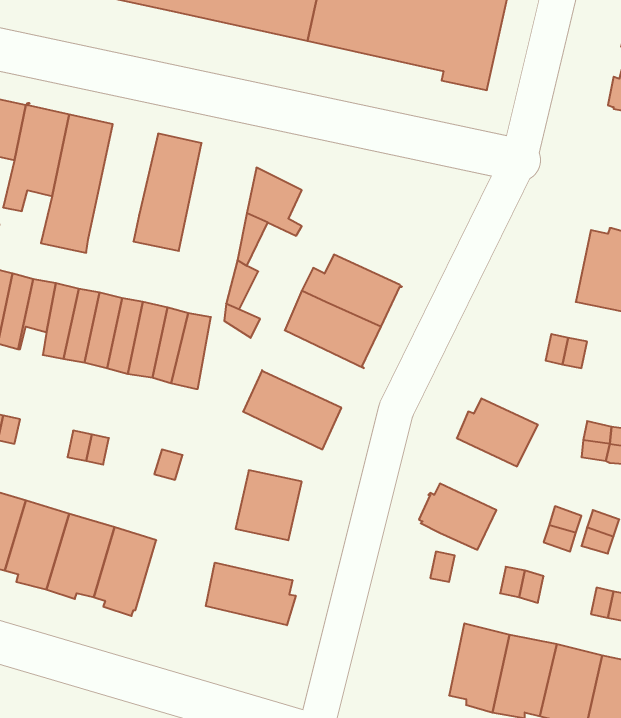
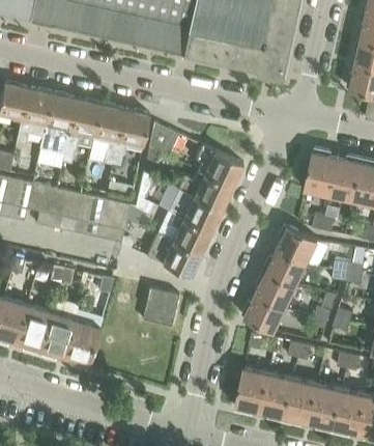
building: none -> [62,96,100,163]
building: none -> [112,107,150,169]
building: none -> [196,144,243,186]
building: none -> [306,147,338,195]
building: none -> [159,211,213,253]
building: none -> [278,225,319,262]
building: none -> [255,270,297,309]
building: [206,563,296,625] -> none
building: none -> [236,366,268,413]

